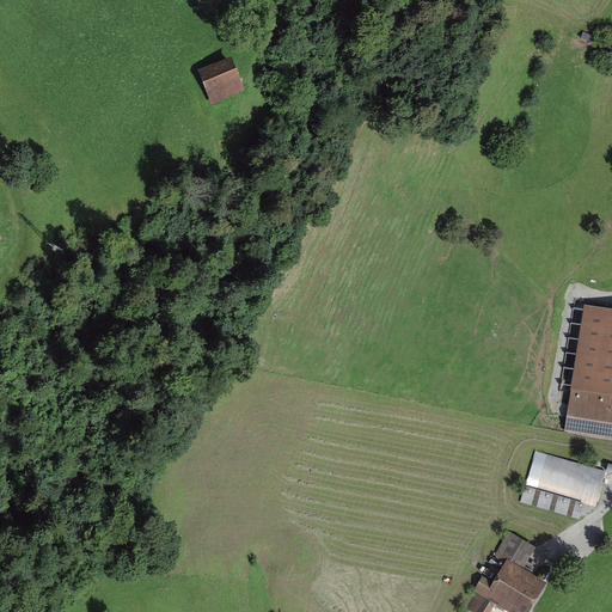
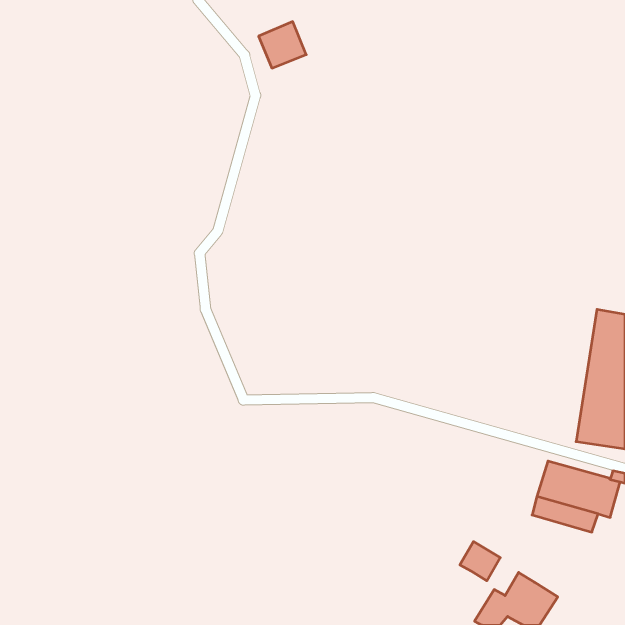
building: [198,57,245,103] -> [259,22,306,68]
building: [496,531,536,569] -> [460,542,500,581]

